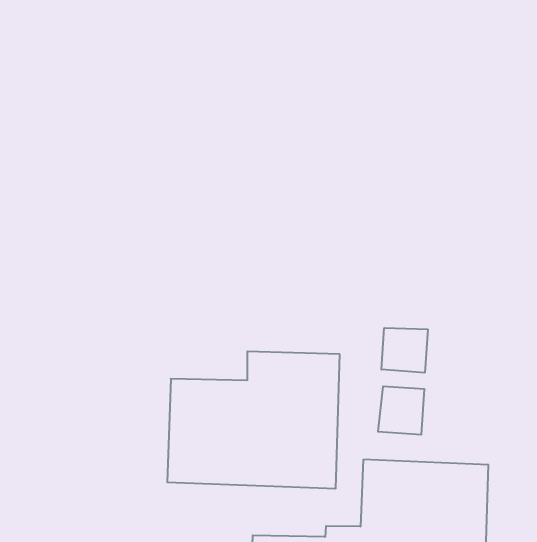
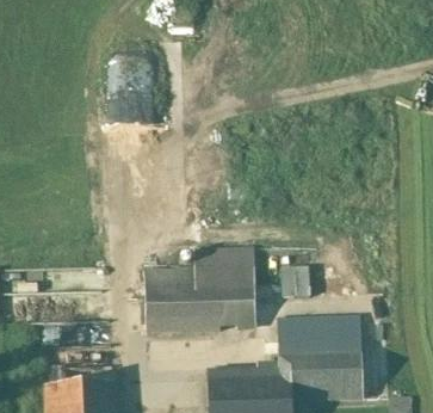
building: [381,328,428,373] -> none

